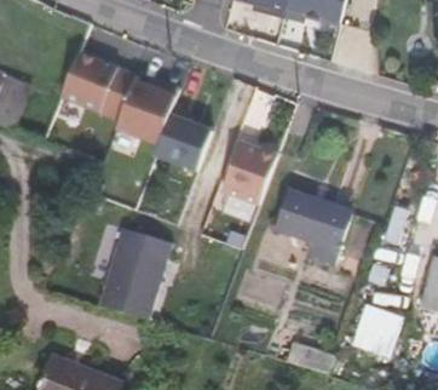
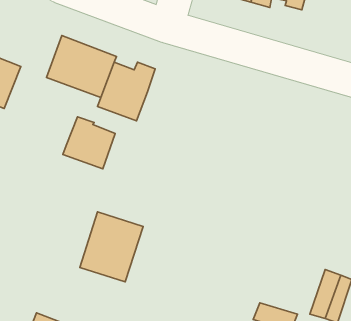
building: [155,113,212,170] -> [63,117,115,169]
building: [225,143,276,196] -> none
building: [276,190,353,248] -> none

